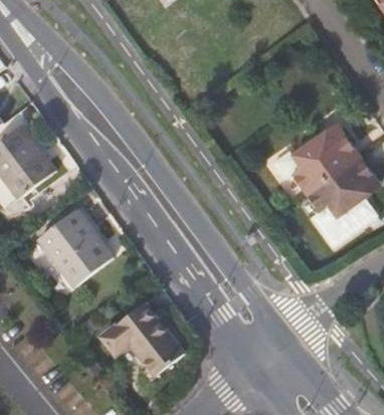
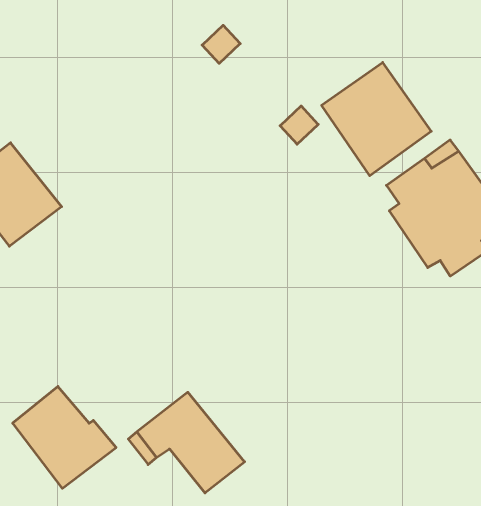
building: none -> [322,62,431,176]
building: [40,212,114,284] -> [13,386,116,488]

